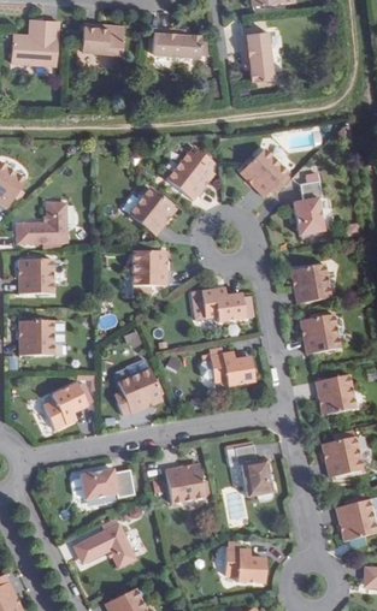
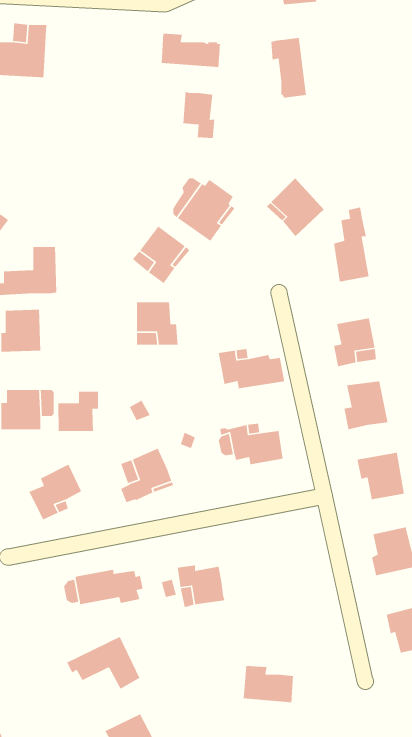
building: [81,25,124,54] -> none
building: none -> [182,91,215,139]
building: none -> [57,391,99,432]
building: [234,445,272,497] -> none

